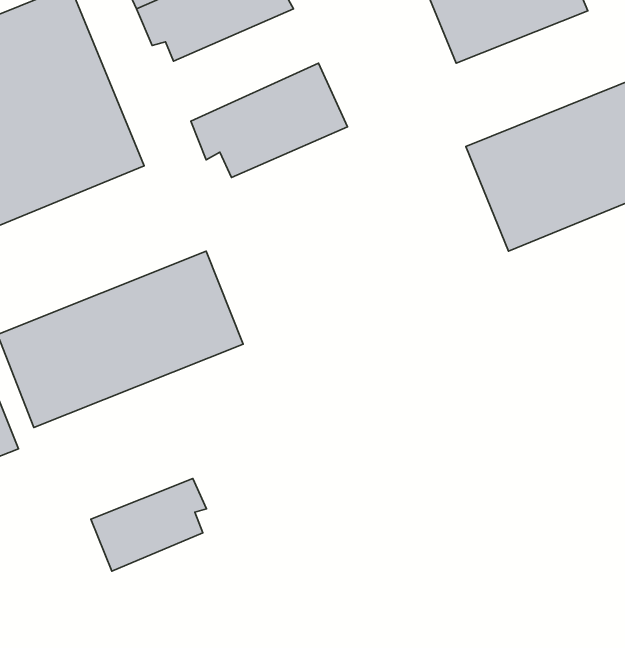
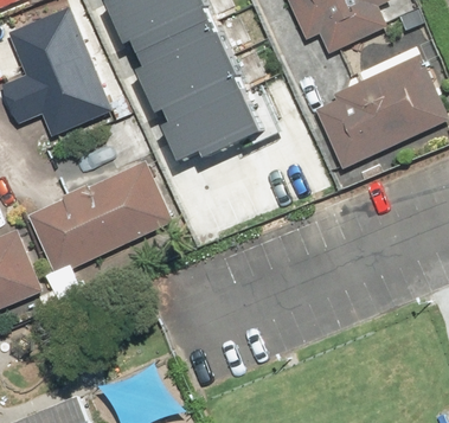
building: none -> [136,17,225,85]
building: none -> [165,89,262,155]
building: [91,478,207,571] -> none

